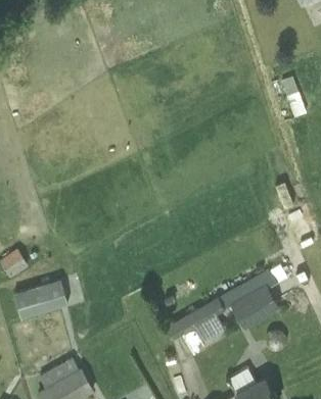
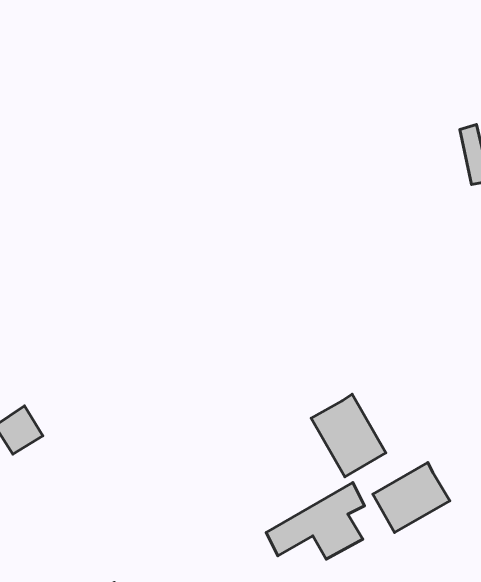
building: none -> [311,394,386,477]
building: [13,281,67,319] -> none

